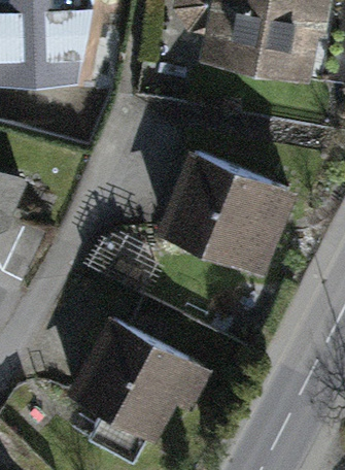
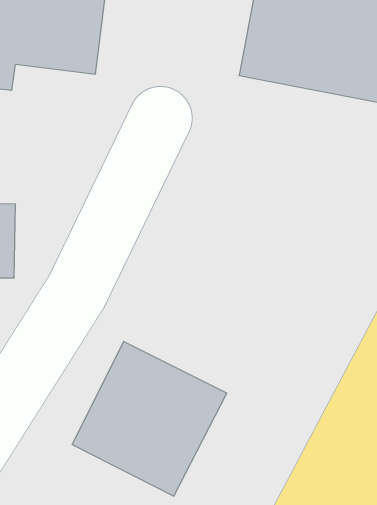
building: [159,145,289,267] -> none

